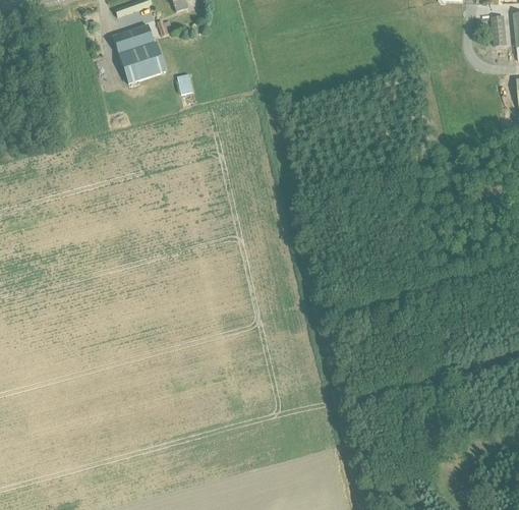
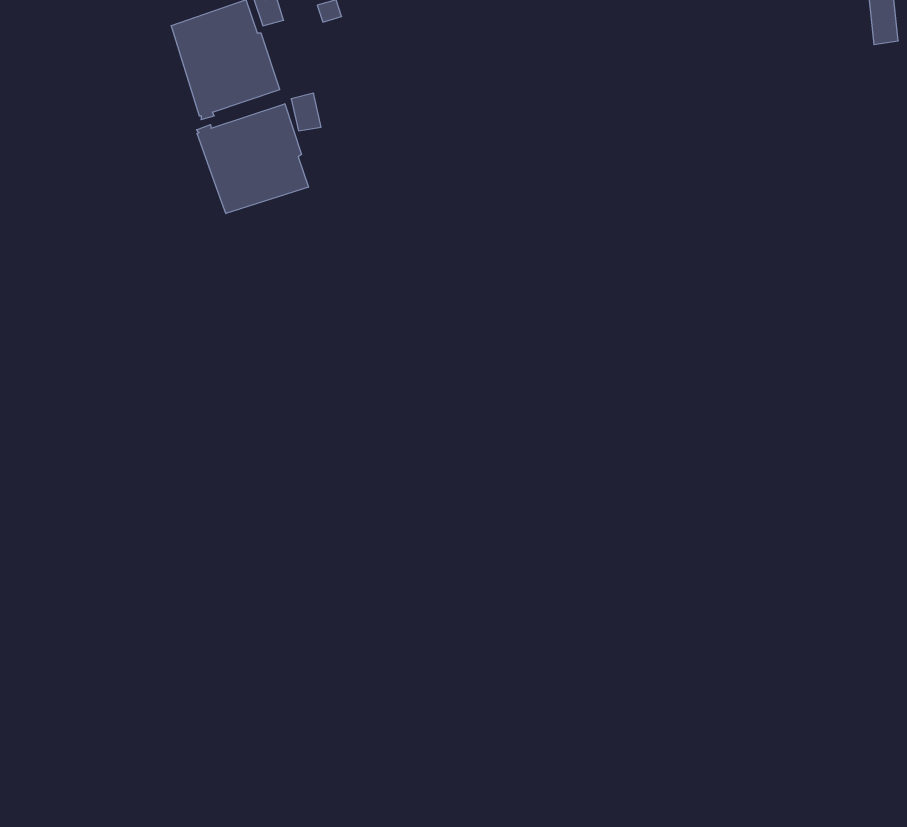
building: none -> [197,104,308,214]

